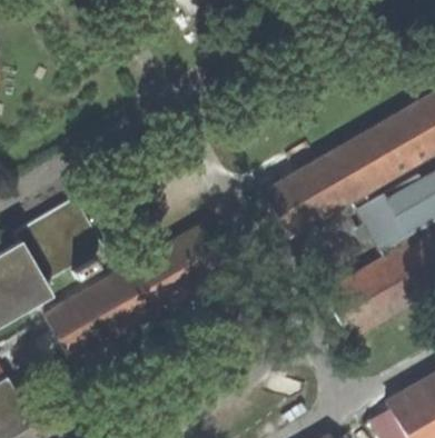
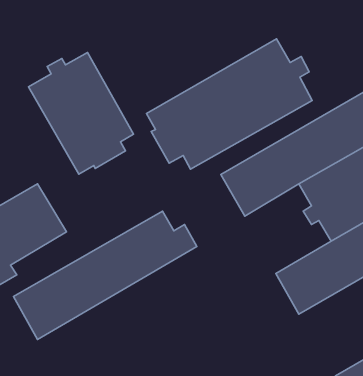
building: none -> [147,39,312,169]
building: none -> [28,53,134,174]

